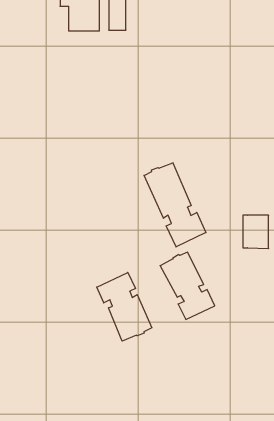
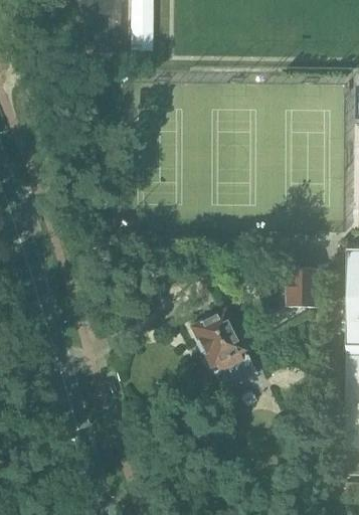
building: [144,163,206,247] -> none
building: [97,272,152,341] -> none

